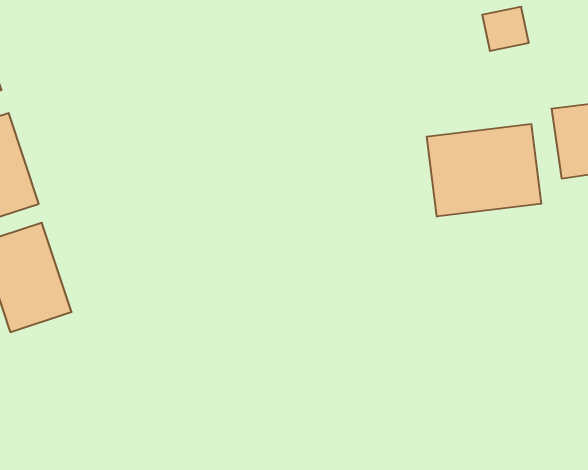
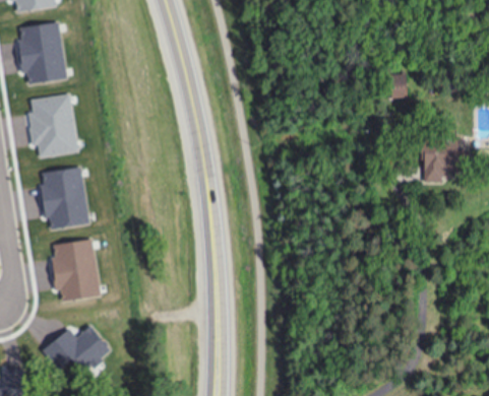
building: [427,124,541,217] -> none
building: none -> [51,236,101,302]

